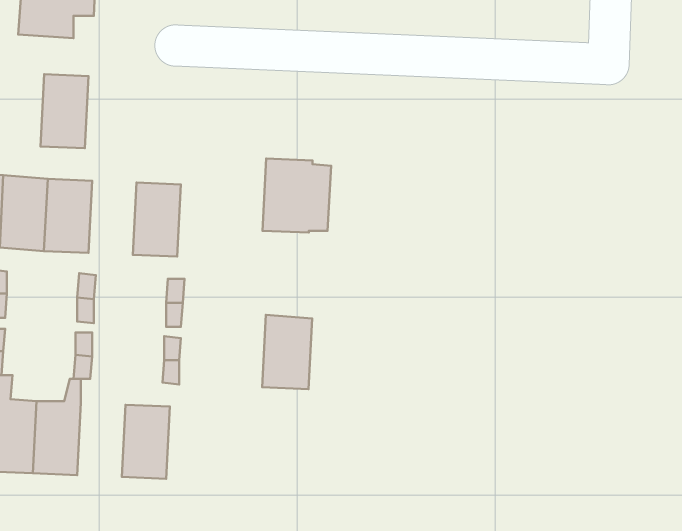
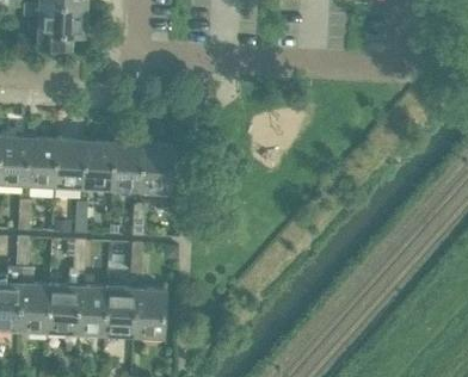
building: [41,74,89,148] -> [81,143,112,191]
building: [263,159,331,233] -> [138,146,183,193]
building: [262,315,312,389] -> [131,289,164,336]
building: none -> [74,286,105,334]

